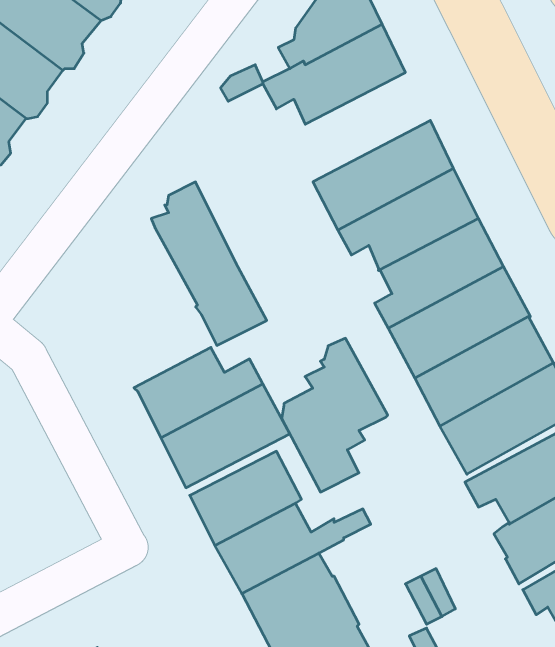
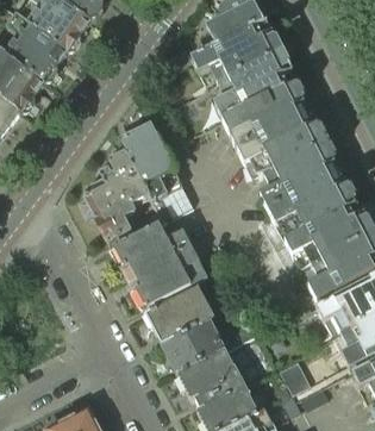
building: none -> [213,51,294,119]
building: [282,338,388,492] -> [85,148,150,243]

